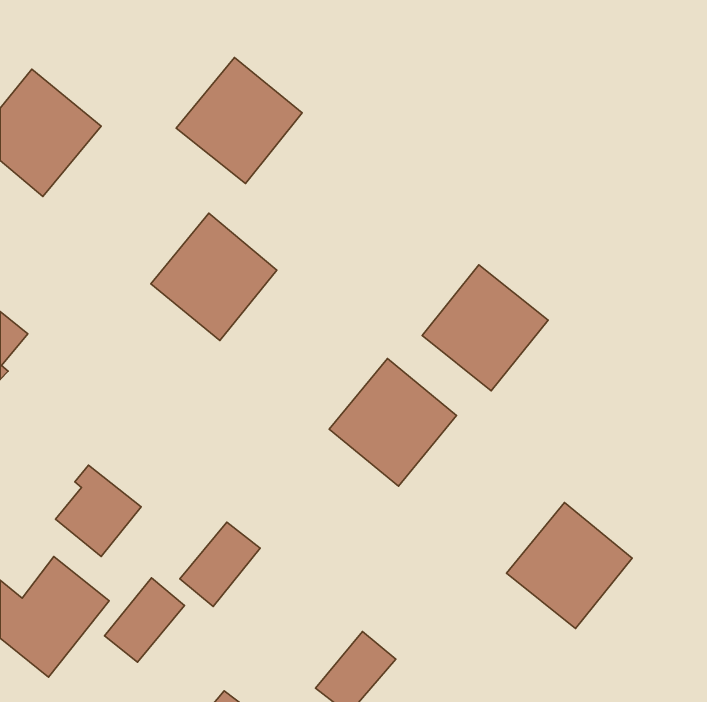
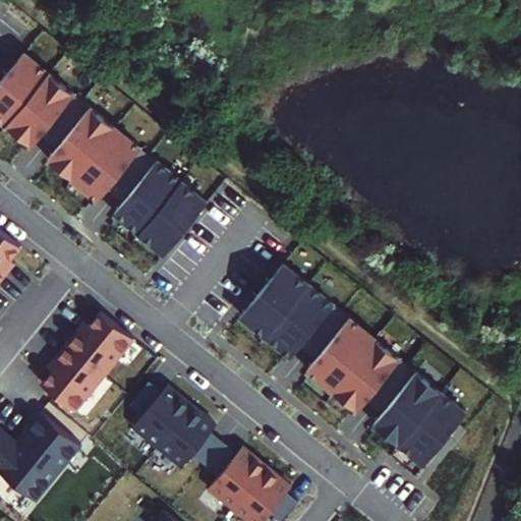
building: [176,57,302,183] -> [48,110,140,202]
building: [422,265,548,391] -> [307,321,400,413]
building: none -> [65,313,133,377]
building: [104,578,185,662] -> [157,407,216,469]
building: none -> [208,448,267,510]

